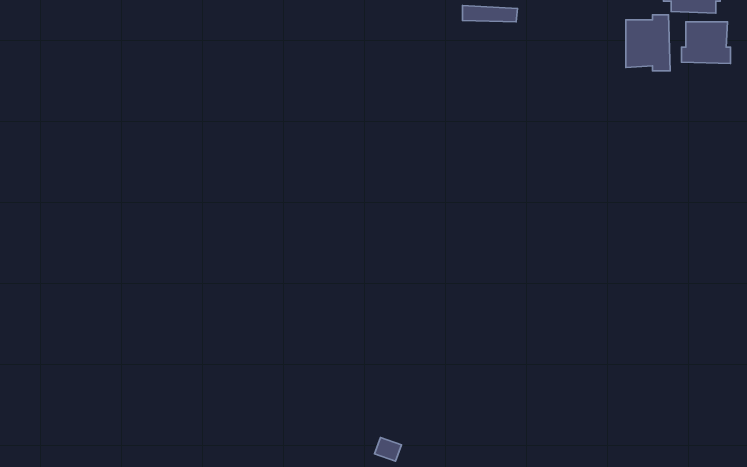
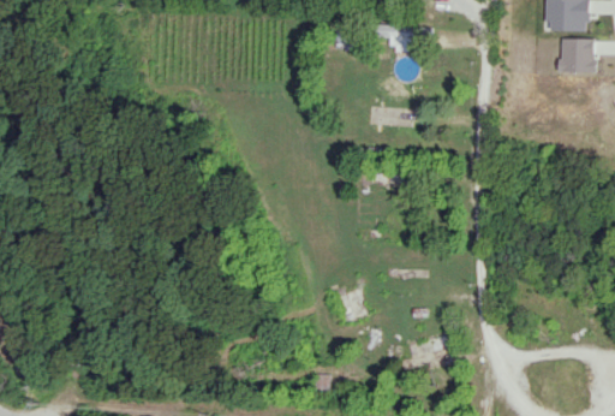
building: [626,15,670,71] -> none

